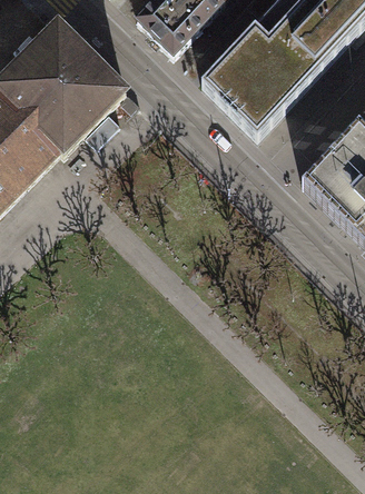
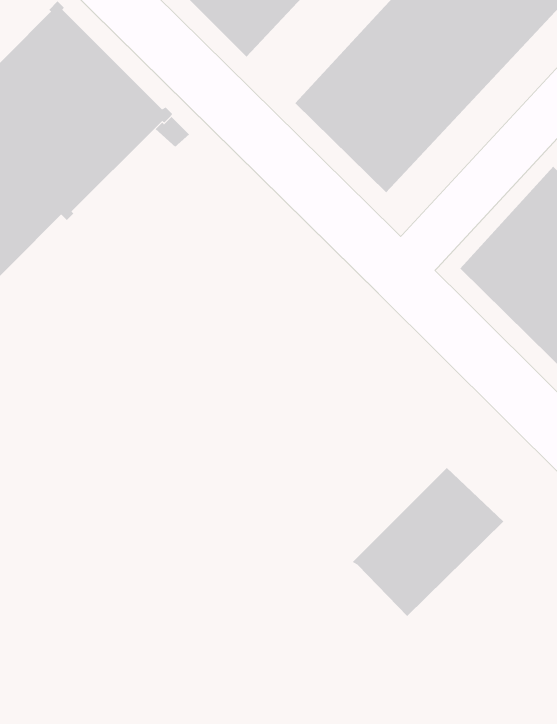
building: none -> [352,467,504,617]

